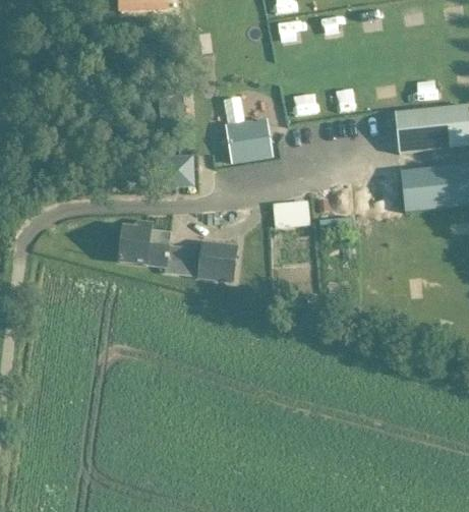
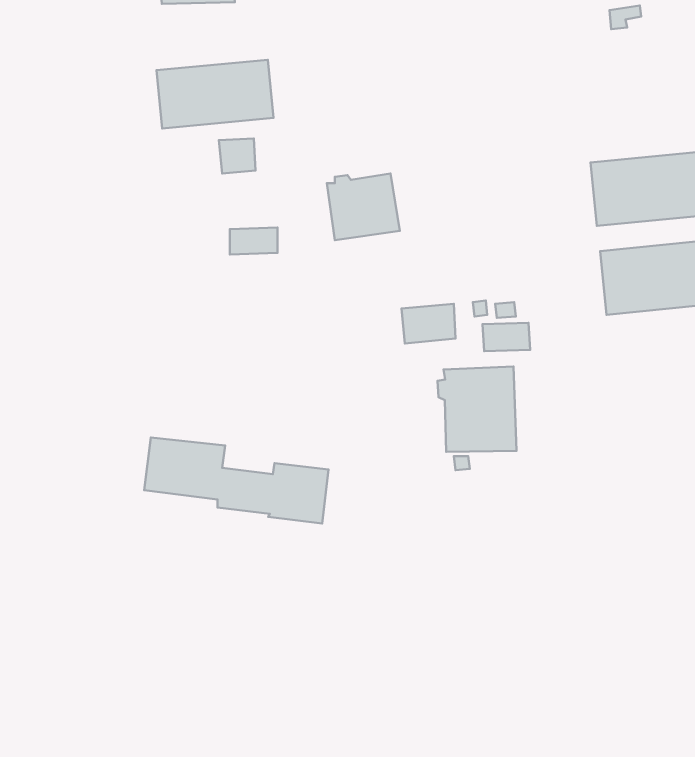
building: none -> [157,60,273,129]
building: [119,227,237,282] -> [144,438,329,523]
building: none -> [438,367,516,452]

